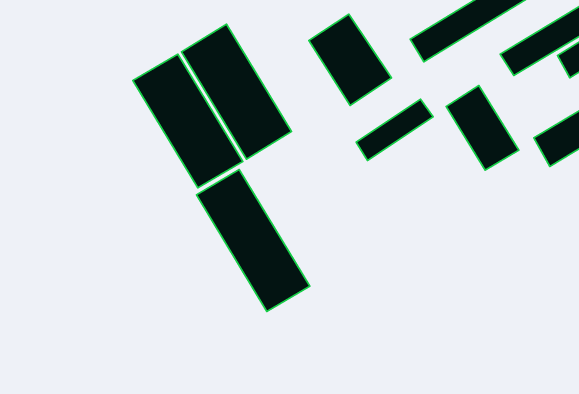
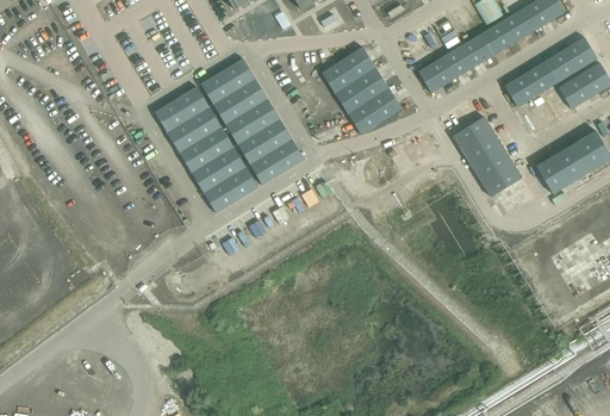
building: [356,99,433,160] -> none
building: [196,169,310,312] -> none

